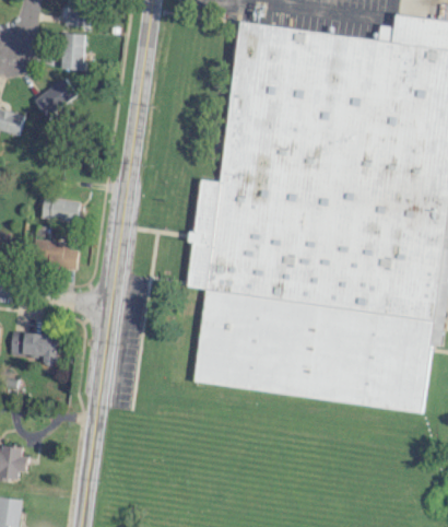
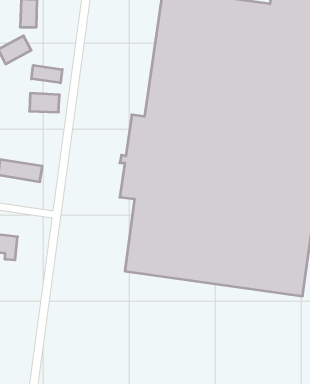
building: none -> [31,65,62,83]
building: [40,198,79,222] -> [29,93,60,112]

